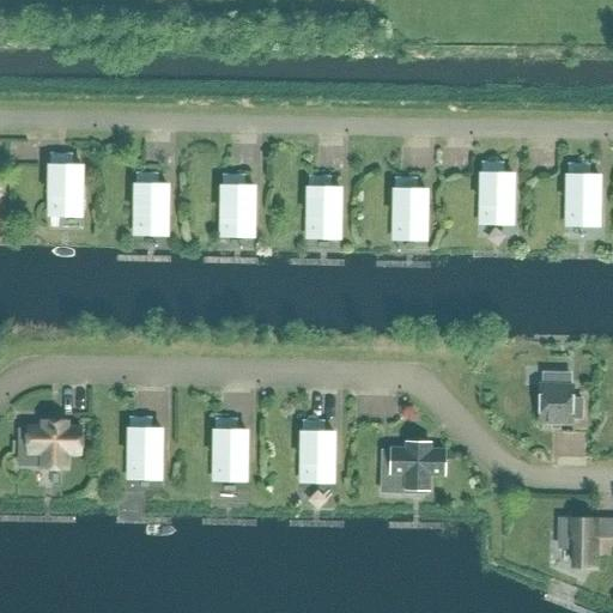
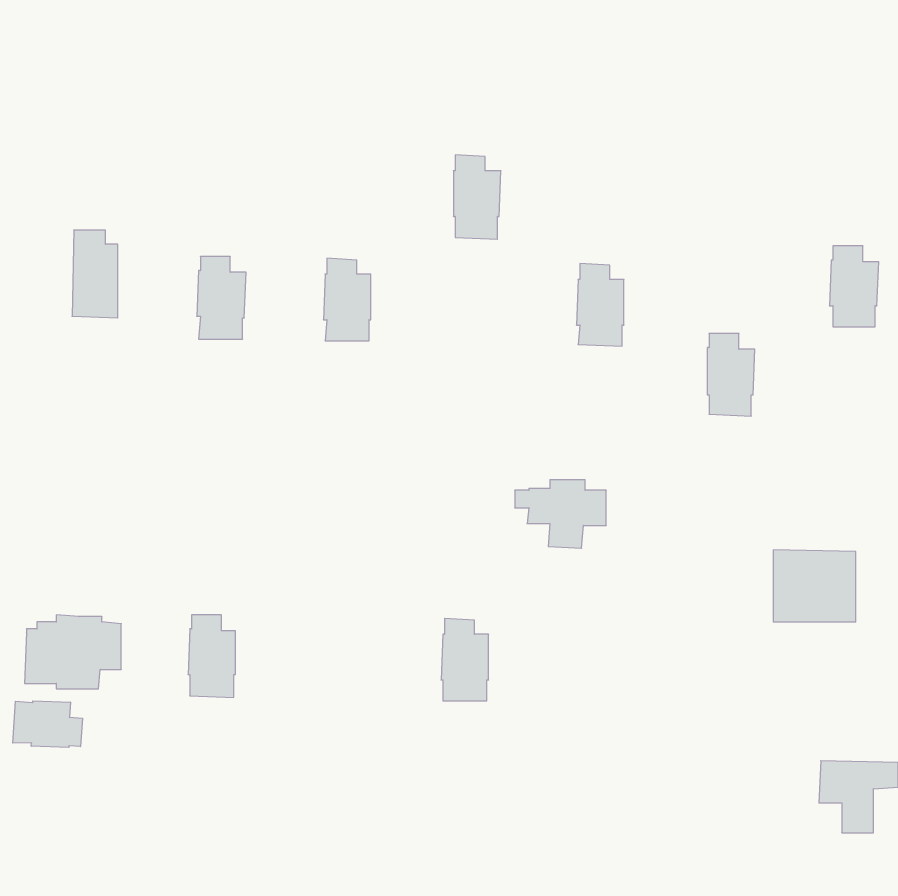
building: [480,165,512,221] -> [707,333,755,416]
building: [308,178,340,236] -> [453,155,501,239]
building: [213,421,247,478] -> none
building: [382,444,444,491] -> [515,480,606,548]
building: none -> [13,701,82,747]

